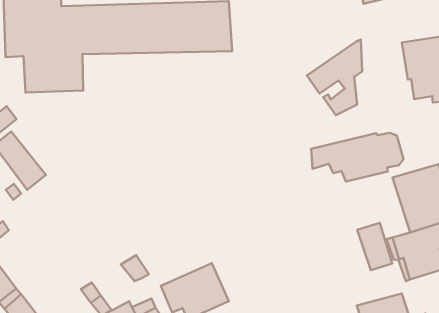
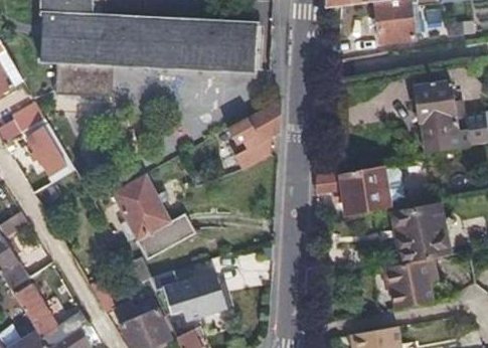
building: [307,40,362,115] -> [226,100,281,168]
building: none -> [112,173,196,257]
building: [357,223,392,270] -> none

